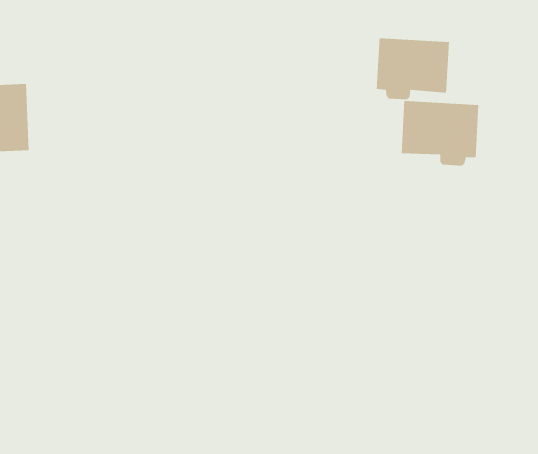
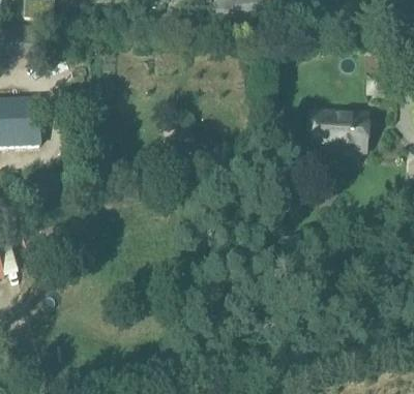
building: [376,38,450,100] -> none

